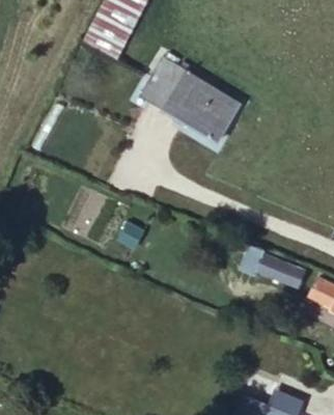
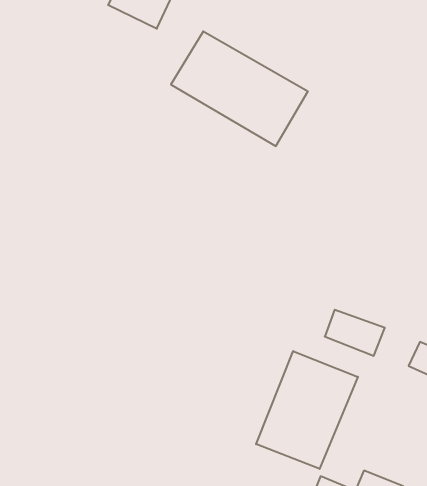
building: none -> [256,351,358,469]

